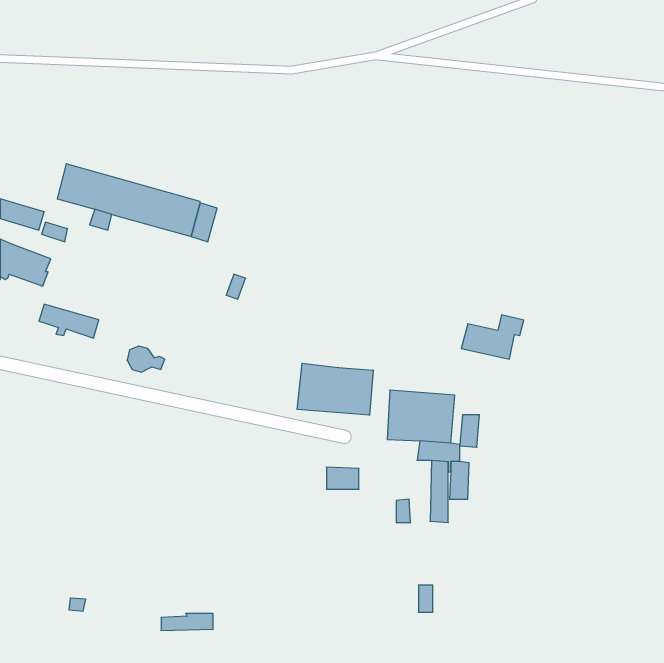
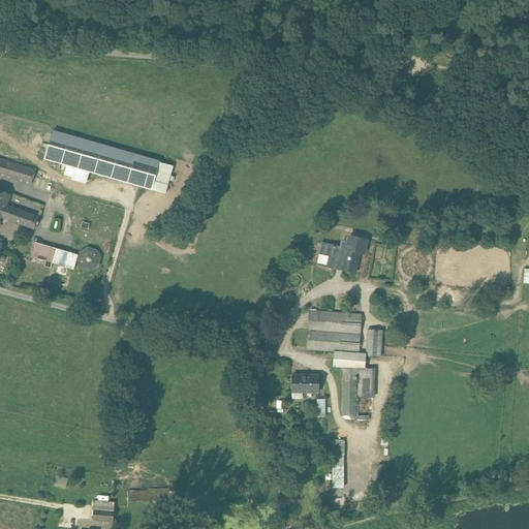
building: [461,315,524,359] -> [317,236,367,271]
building: [127,346,165,372] -> [79,248,108,269]
building: [297,363,373,415] -> none
building: [326,467,359,489] -> [292,374,318,392]
building: none -> [92,500,115,521]

